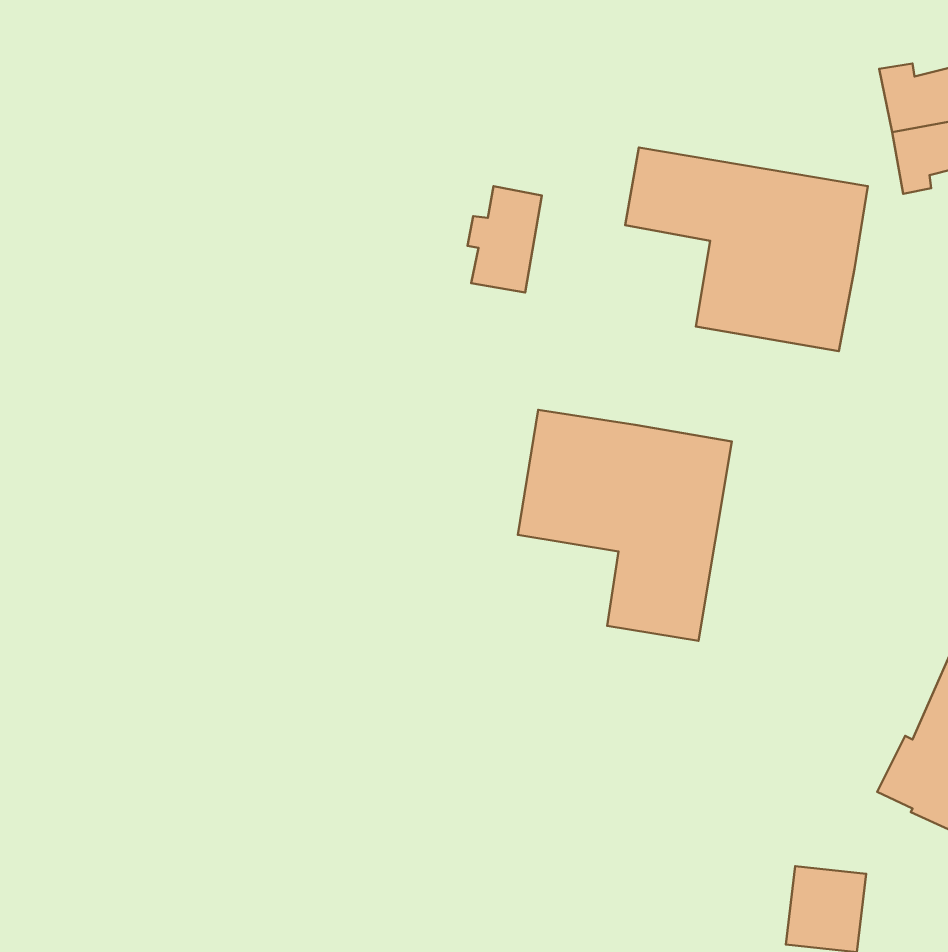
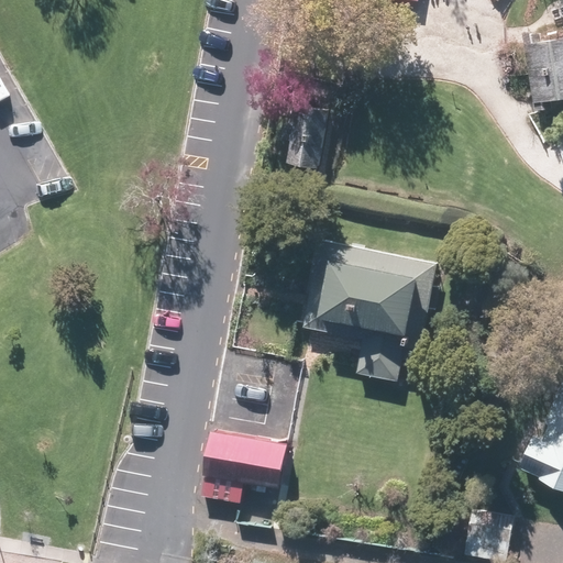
building: [625,147,868,351] -> none
building: none -> [203,431,290,486]

